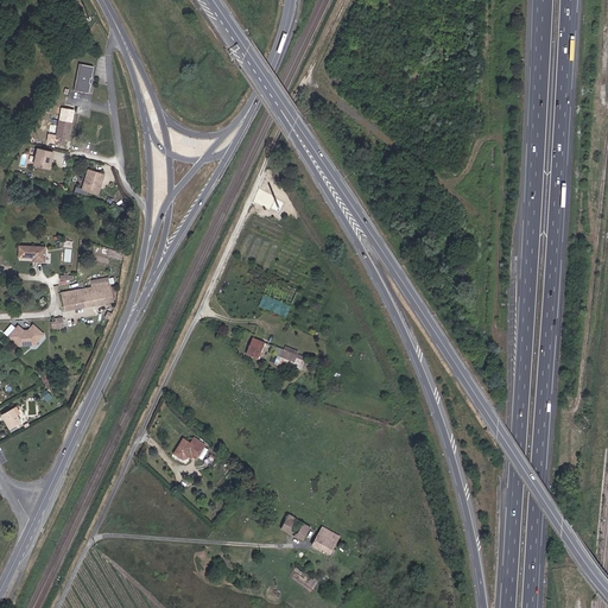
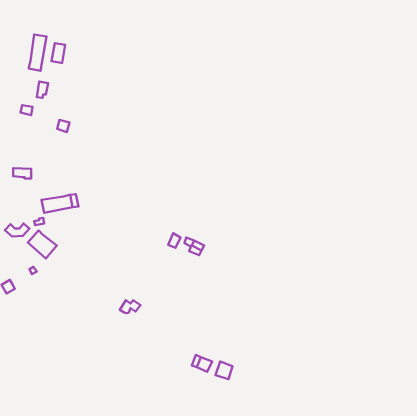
building: none -> [29,35,47,71]
building: none -> [28,231,57,258]

